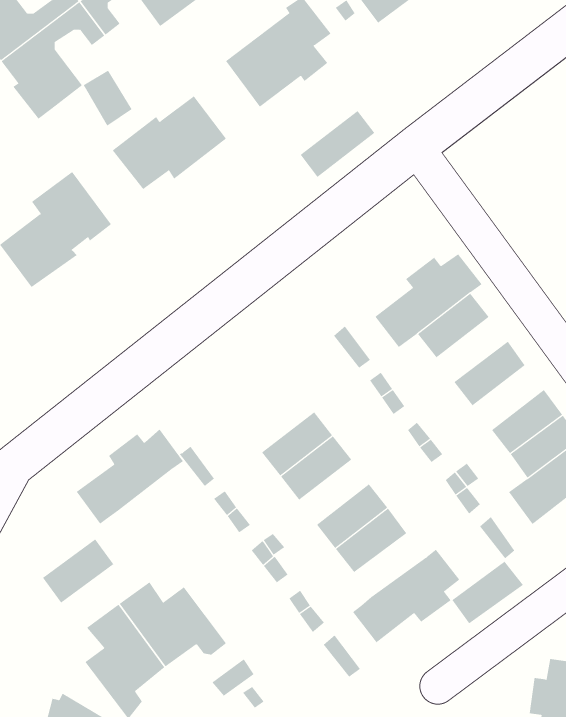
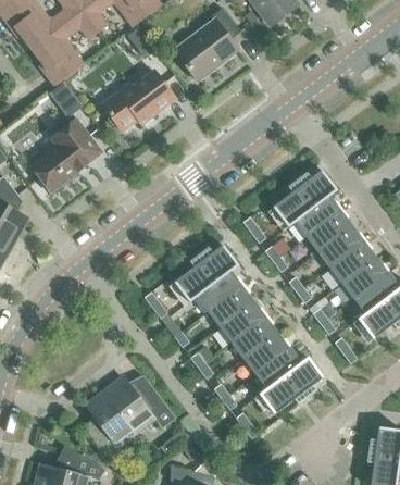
building: [83,70,133,126] -> [52,79,84,115]
building: [300,110,375,178] -> none
building: none -> [308,210,353,251]
building: none -> [330,240,376,282]
building: [76,428,184,525] -> [170,244,238,304]
building: none -> [221,300,265,341]
building: [42,538,114,604] -> none
building: [452,561,524,624] -> [255,347,301,387]

